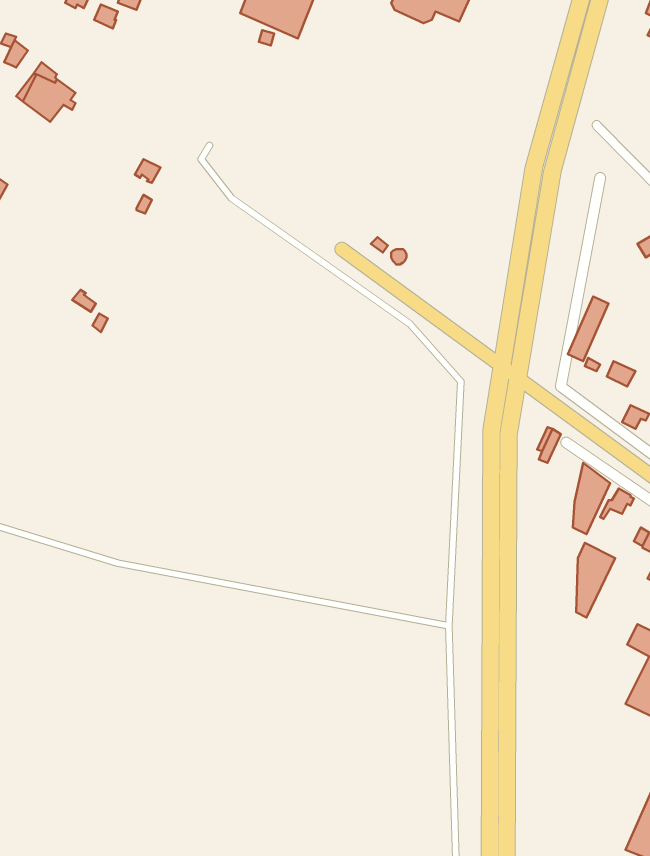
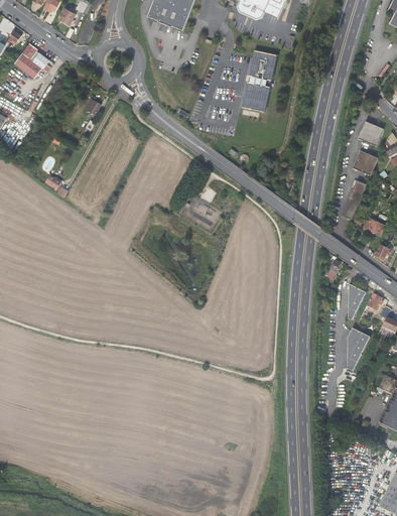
building: none -> [240,49,276,111]
building: none -> [360,120,385,145]
building: none -> [354,149,379,176]

